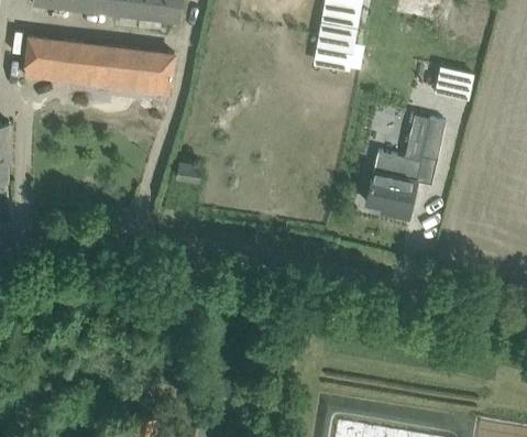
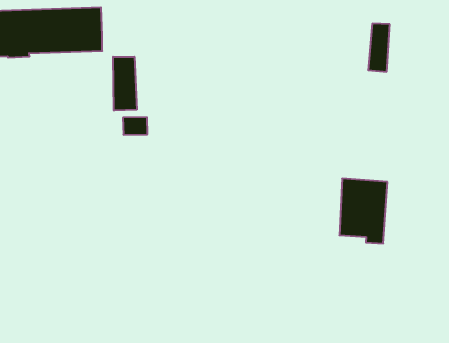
building: none -> [113,57,137,111]
building: [364,151,418,219] -> [339,179,387,243]

